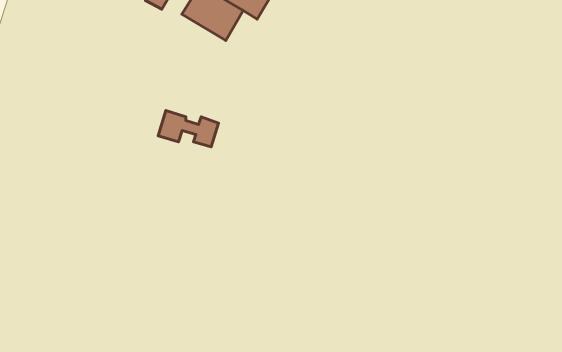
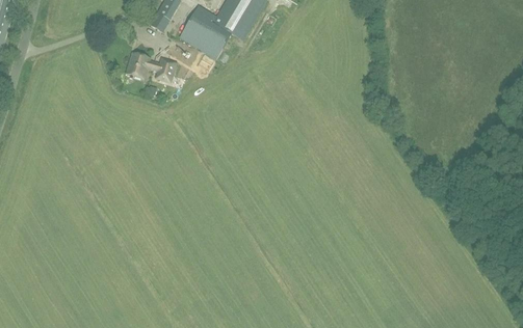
building: [158,111,219,147] -> [126,52,176,82]

